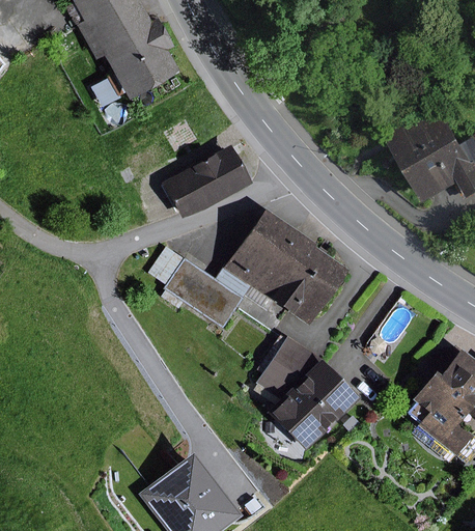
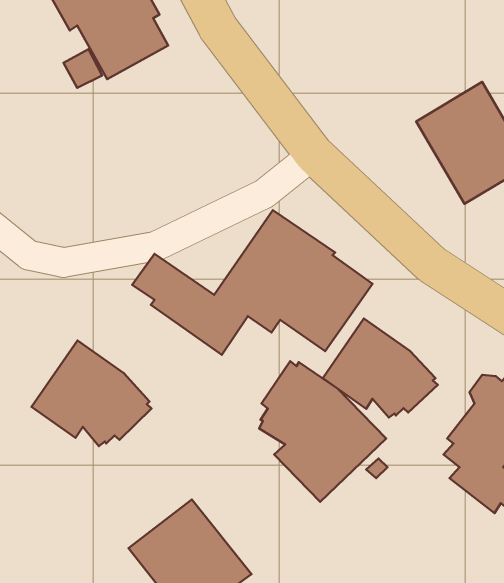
building: [161,145,251,221] -> none
building: none -> [323,319,438,417]
building: none -> [31,340,152,446]

